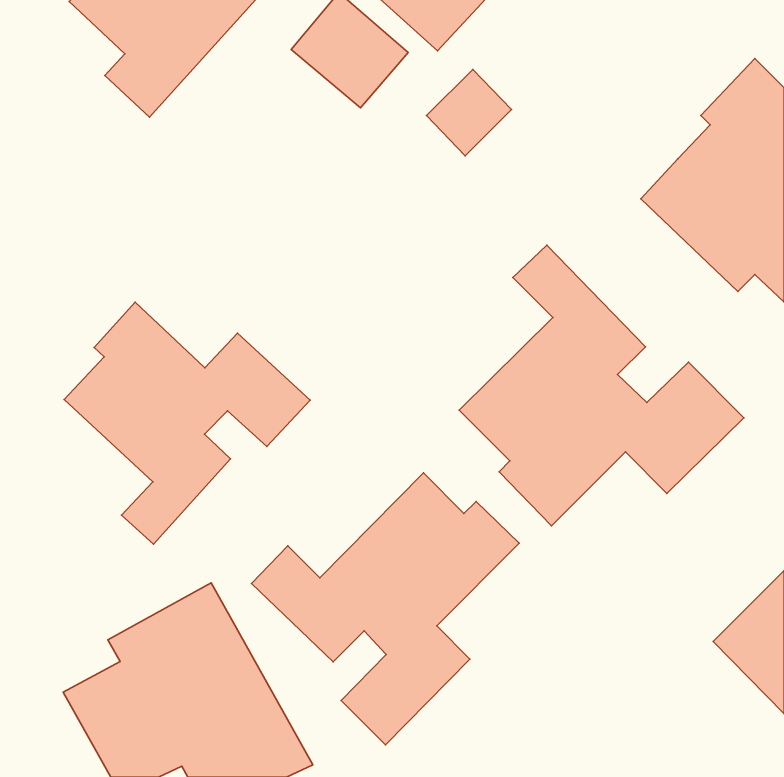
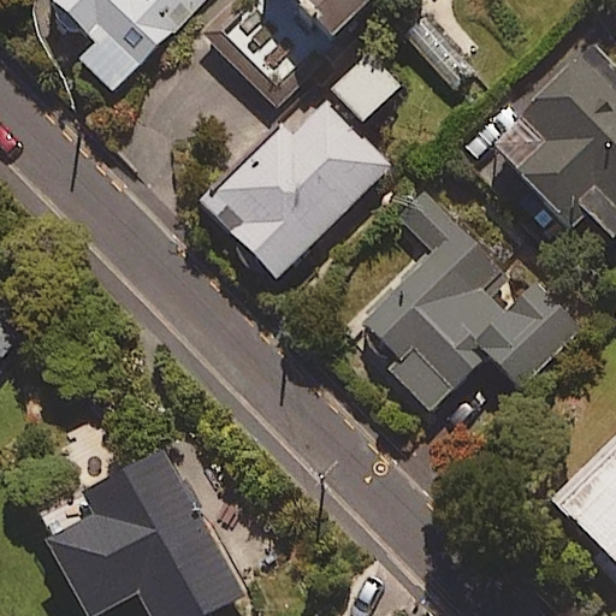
building: none -> [201,87,389,277]
building: [64,302,310,544] -> none
building: [252,473,519,745] -> none

